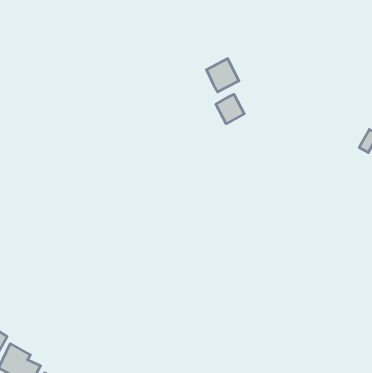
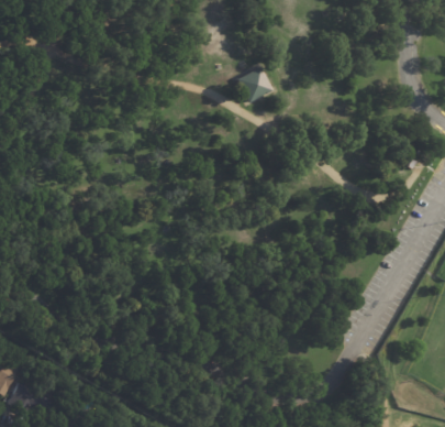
building: [216,94,244,124] -> none

